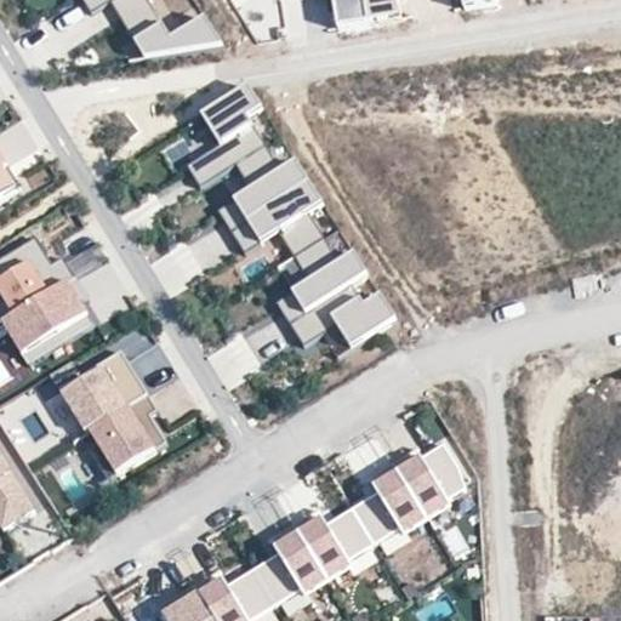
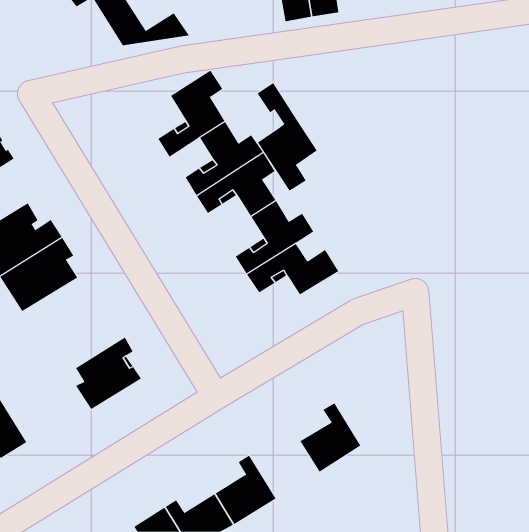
building: none -> [257,82,317,191]
building: [57,349,146,431] -> none
building: [389,454,458,518] -> none
building: [290,513,371,580] -> none

